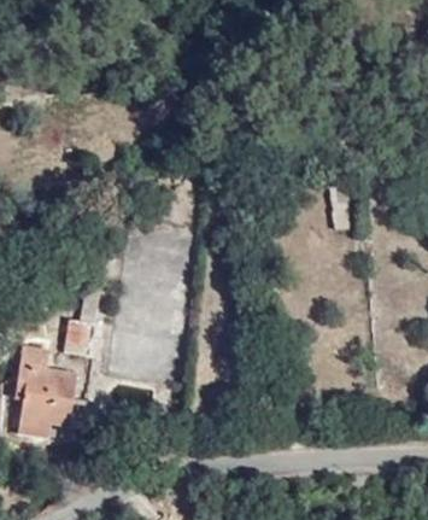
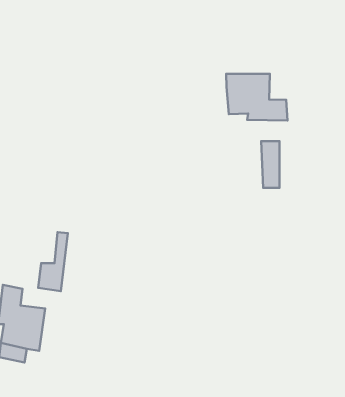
building: none -> [226,74,287,121]

